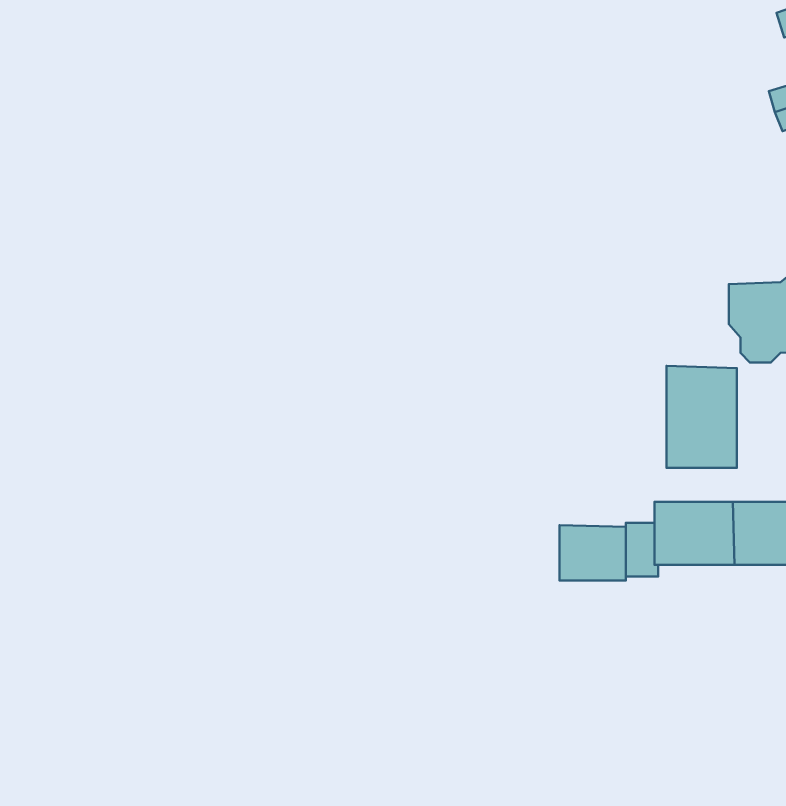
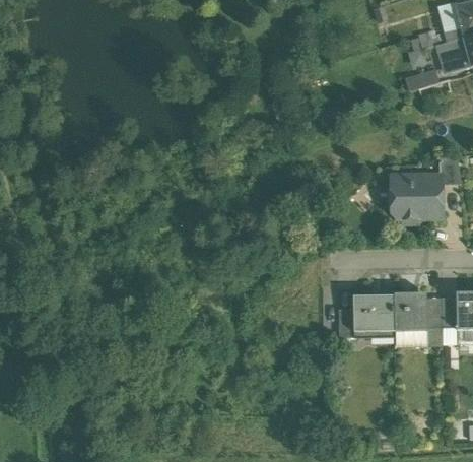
building: [667,366,737,468] -> none
building: [560,525,626,580] -> none

